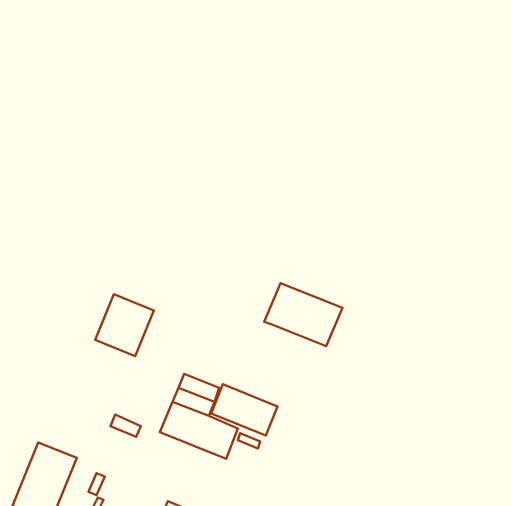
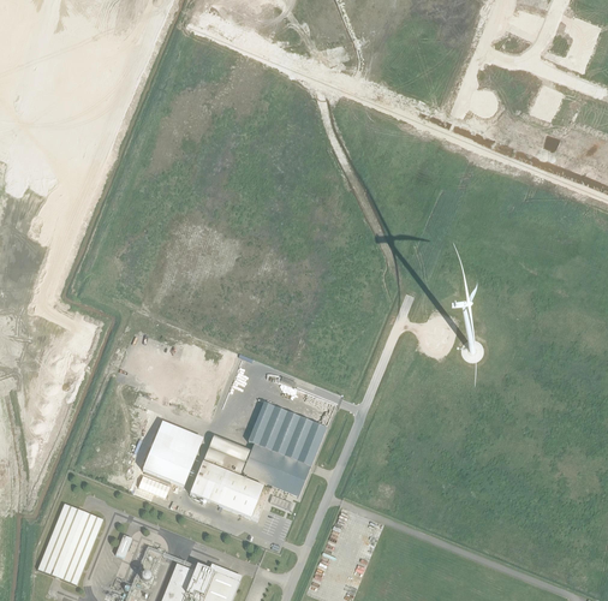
building: [264,283,342,346] -> [246,400,327,465]
building: [95,294,154,356] -> [142,422,202,486]

